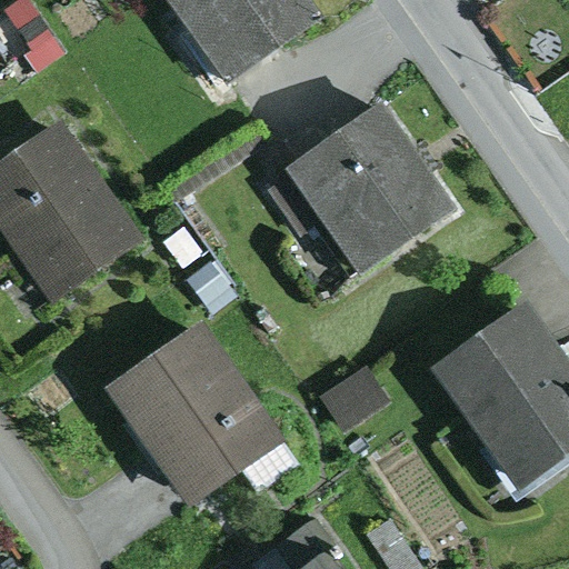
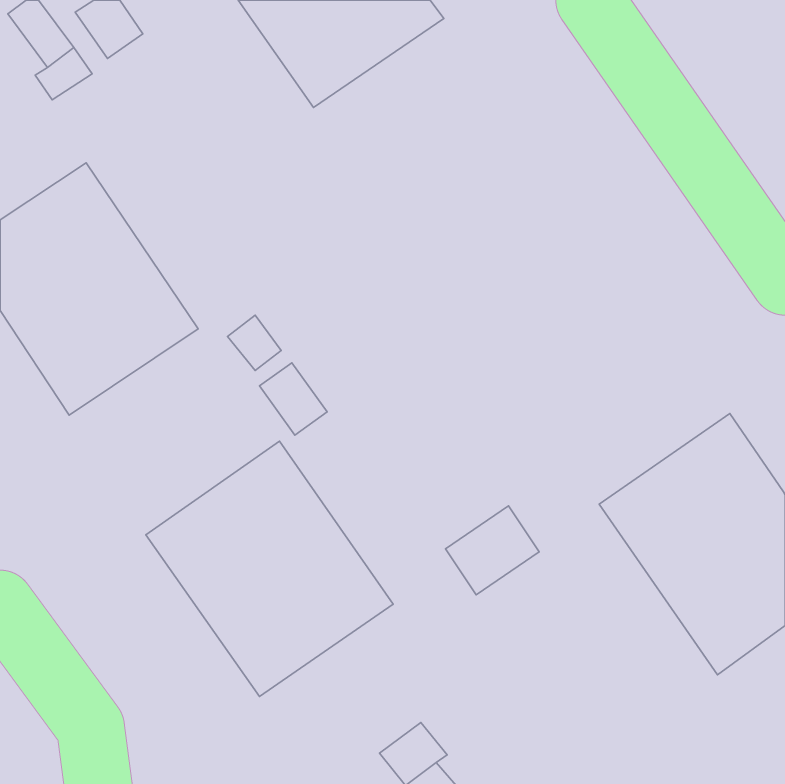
building: [268,101,456,272] -> none

